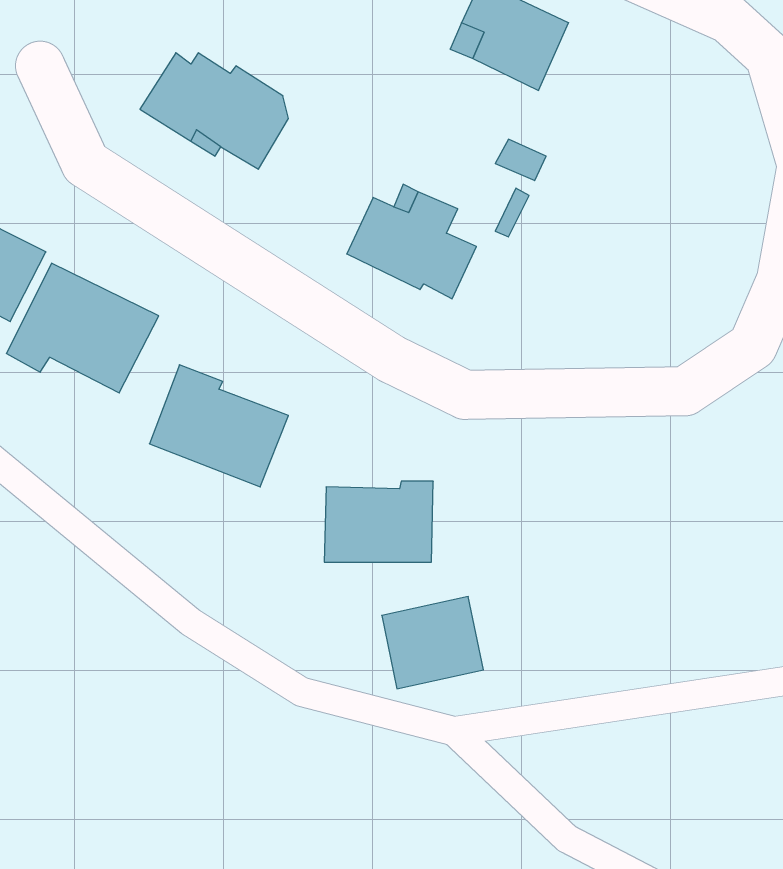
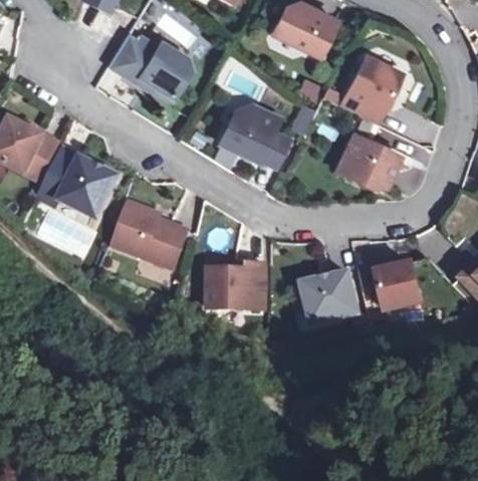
building: none -> [341,56,401,123]
building: none -> [337,136,400,188]
building: none -> [378,262,422,309]
building: [382,597,483,689] -> [304,272,358,321]

